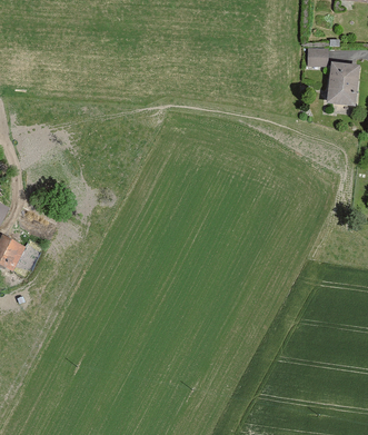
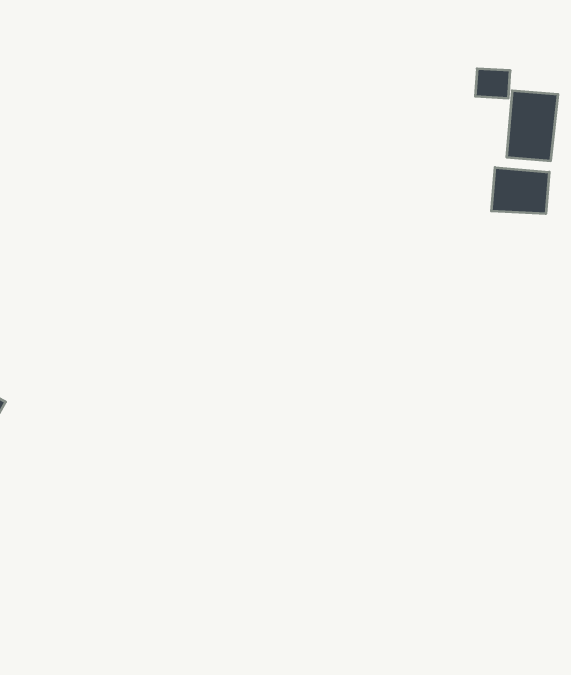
building: none -> [491,167,549,214]

